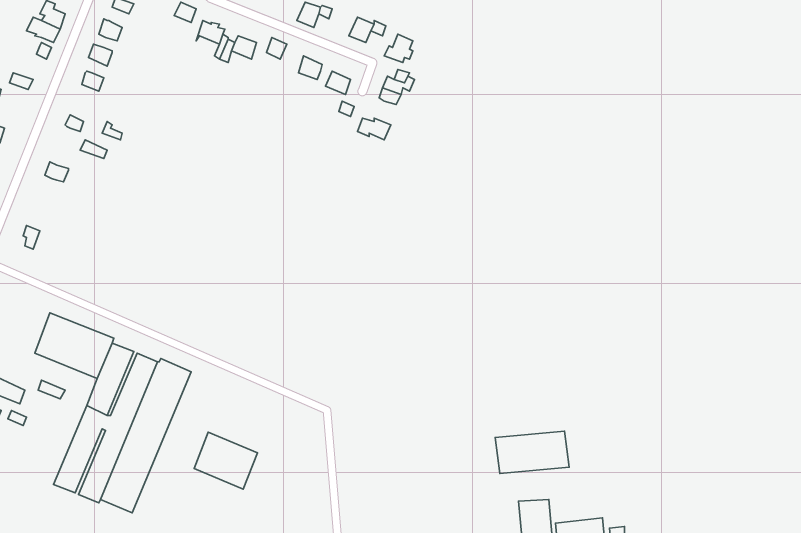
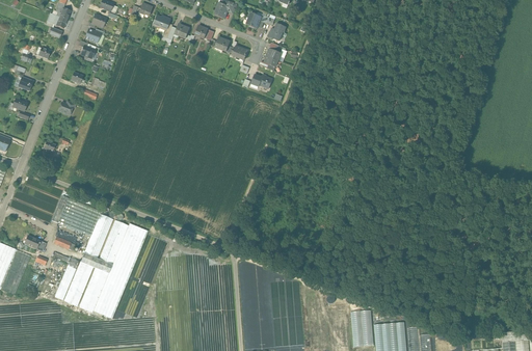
building: [495,431,569,473] -> none
building: [194,432,257,489] -> none

